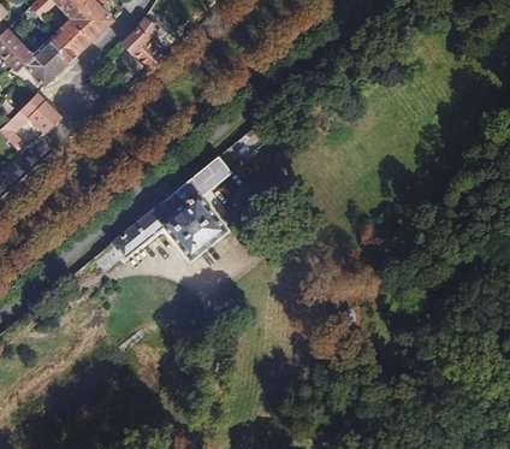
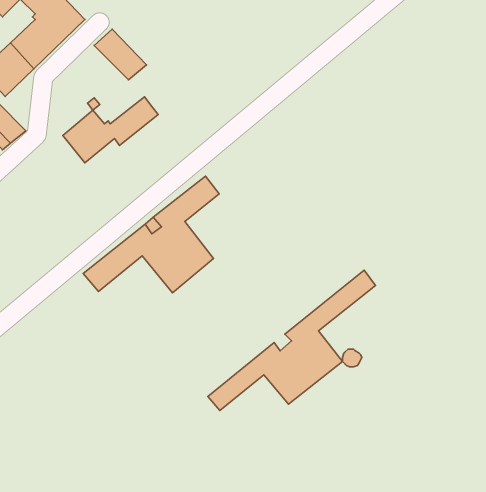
building: none -> [63,97,158,163]
building: none -> [208,270,375,410]

